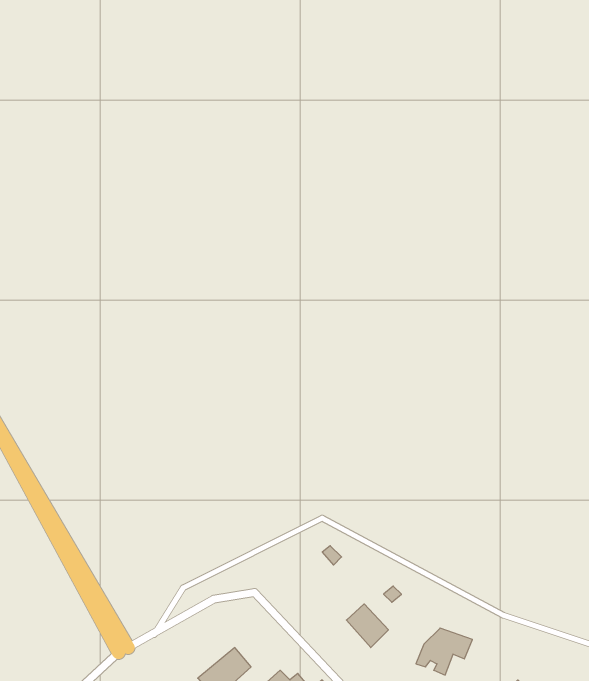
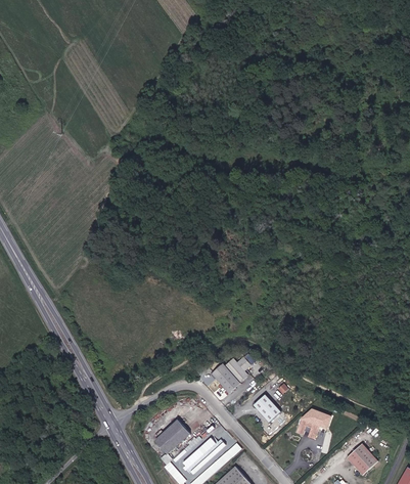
building: none -> [210,360,245,394]

